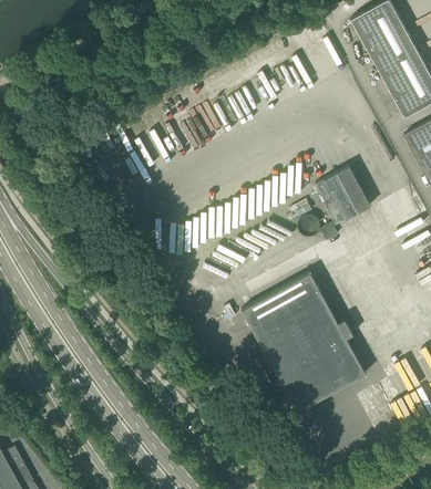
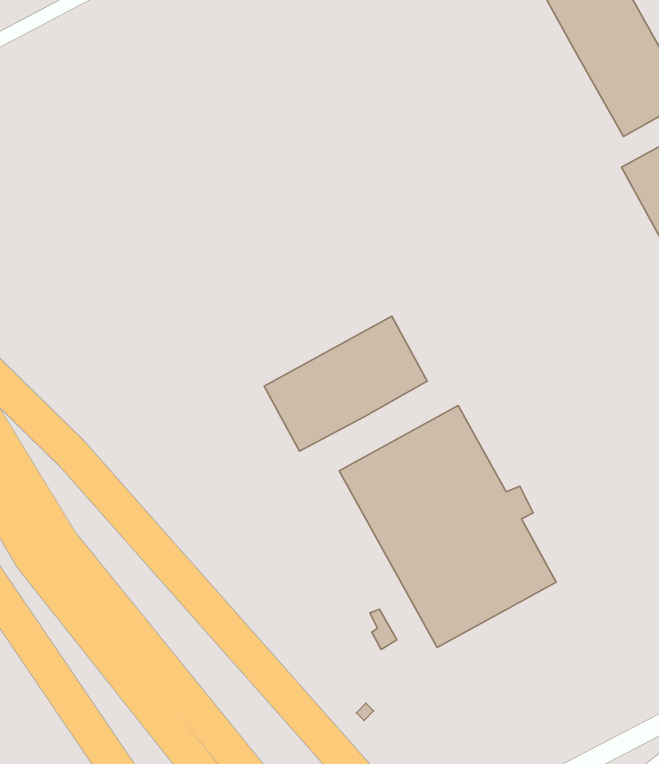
building: [315,166,370,225] -> none
building: none -> [264,316,427,451]

